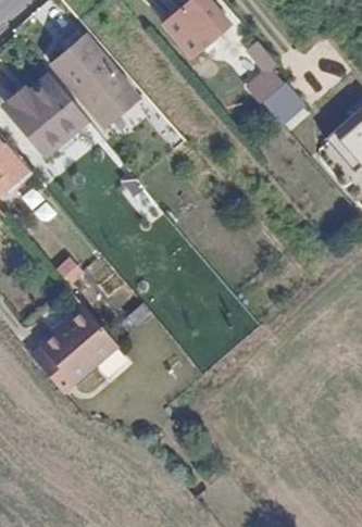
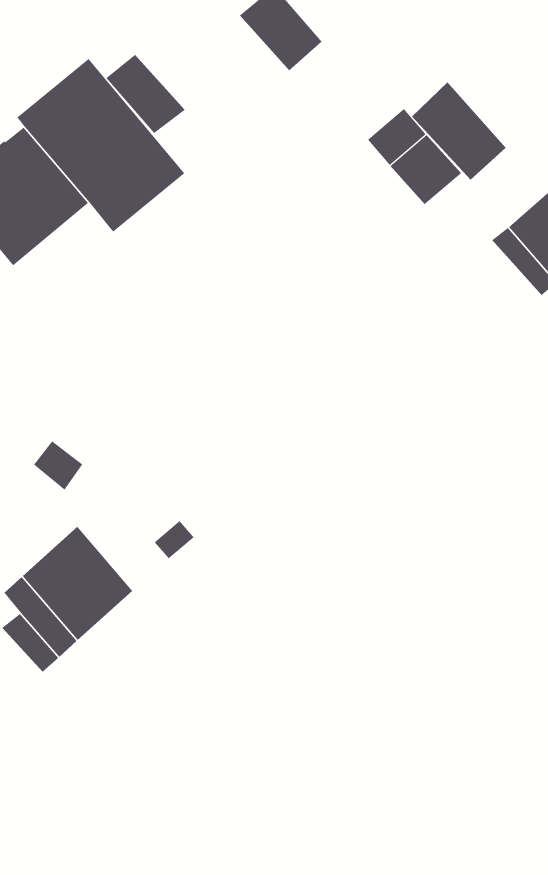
building: [161,10,208,57] -> [106,54,185,134]
building: none -> [411,82,507,180]

